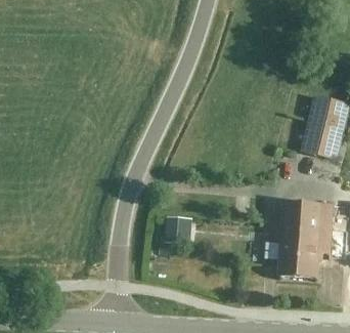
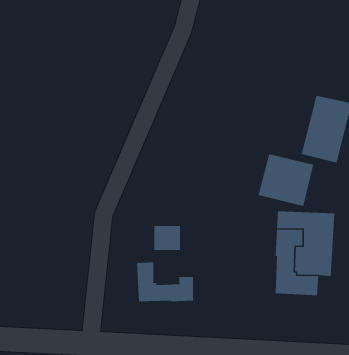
building: none -> [258,153,314,207]
building: none -> [136,262,193,302]

